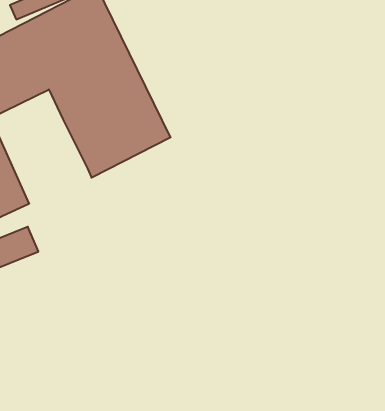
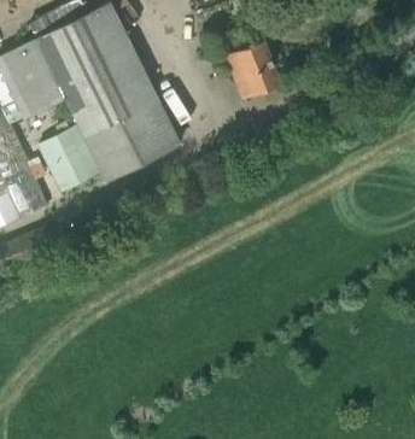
building: none -> [228,42,281,98]
building: none -> [39,125,103,191]

